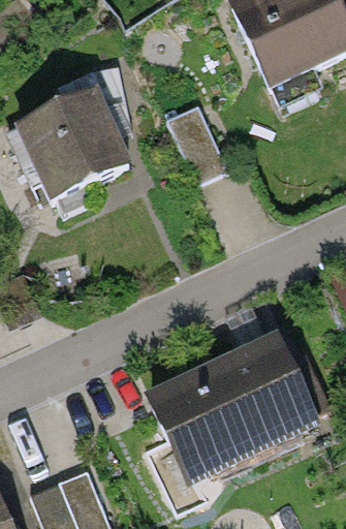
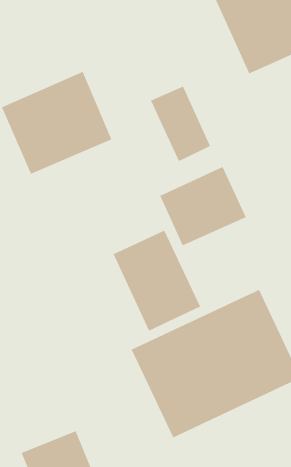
building: none -> [159,166,247,246]
building: none -> [113,230,201,331]

